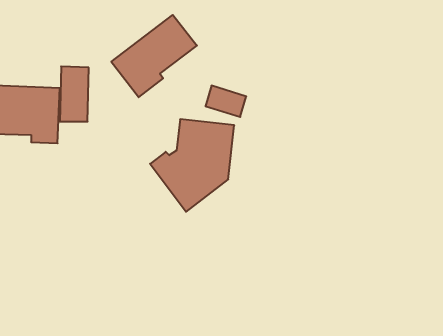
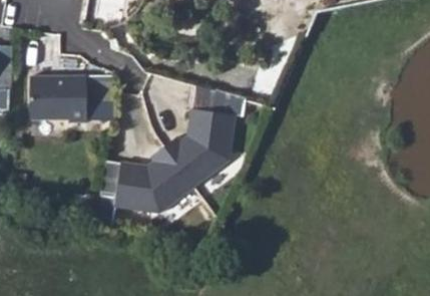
building: [111,15,197,97] -> none
building: none -> [113,146,192,213]

